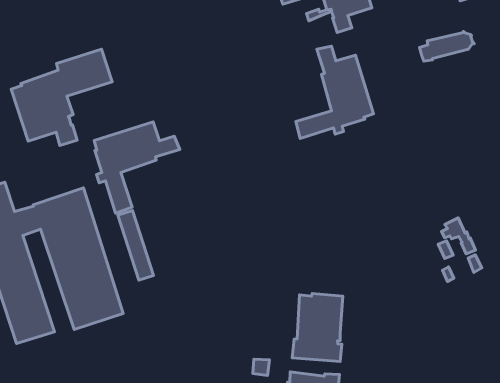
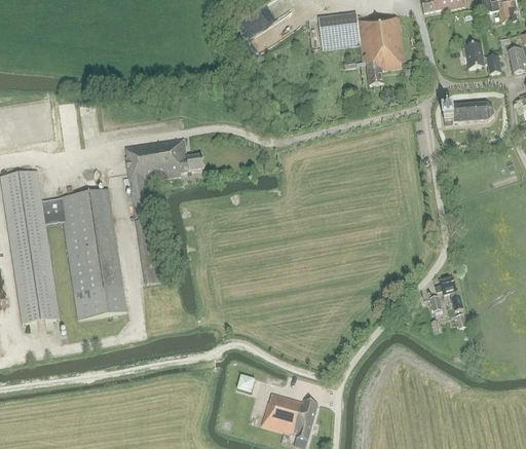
building: [296,46,374,138] -> none
building: [11,49,112,145] -> none
building: [292,294,343,361] -> none

